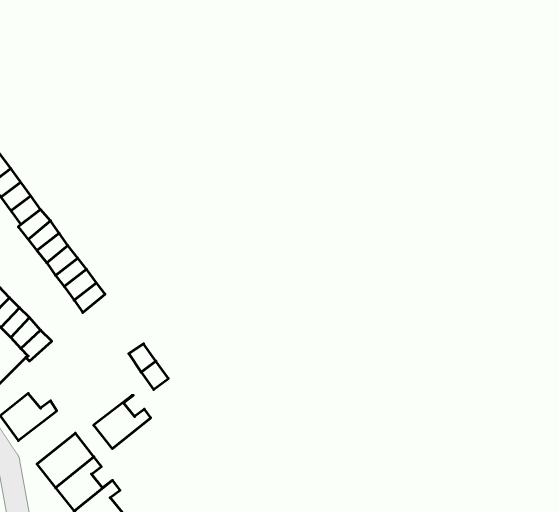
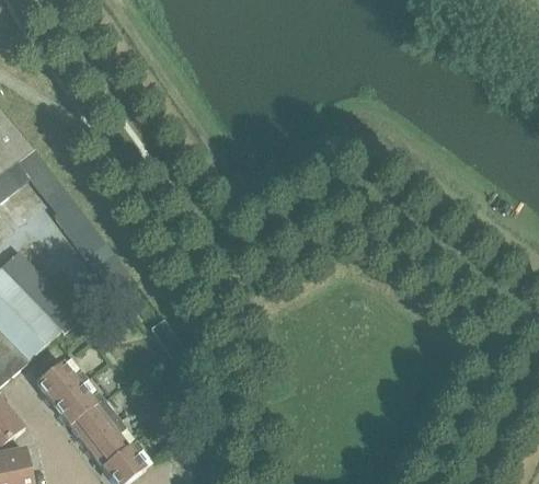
building: [94,395,151,449] -> [51,377,102,424]

